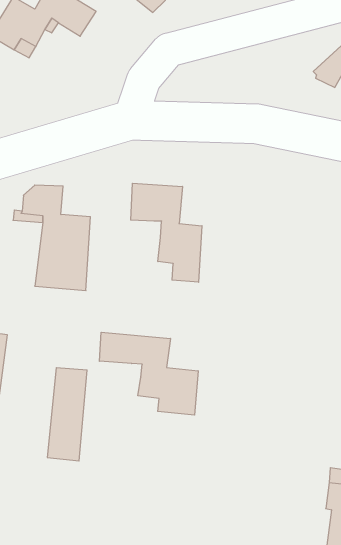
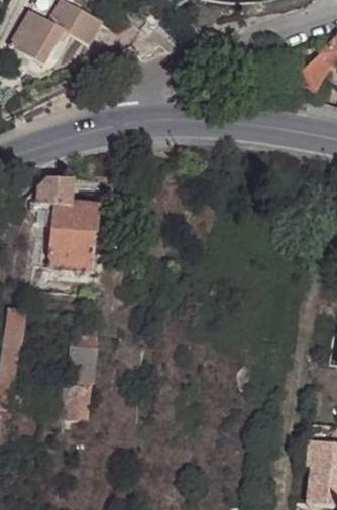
building: [131,183,202,282] -> none
building: [99,332,198,415] -> none

